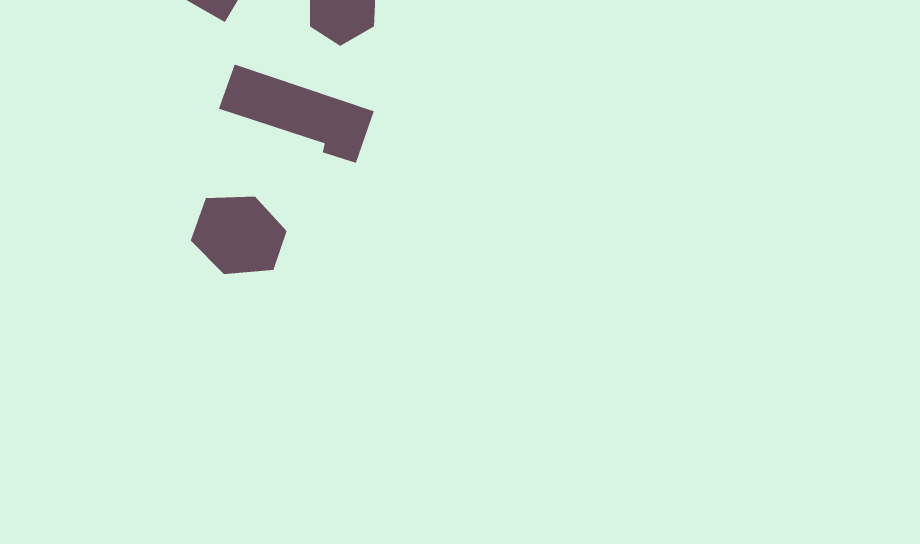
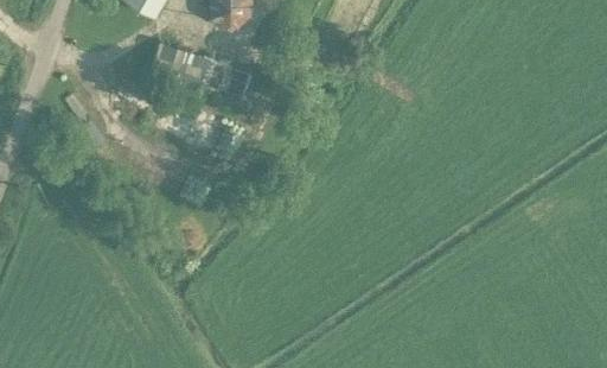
building: [190,196,287,275] -> none

